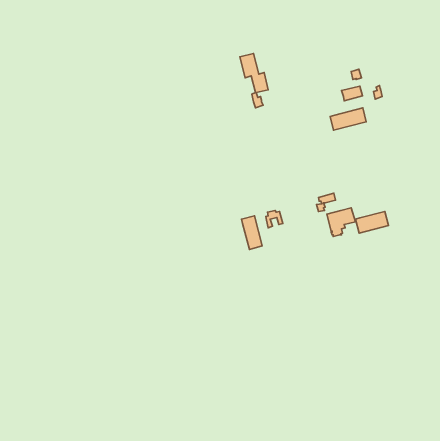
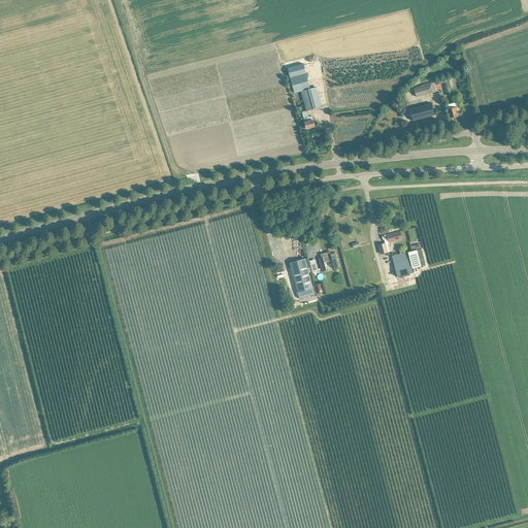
building: [330,108,366,130] -> none
building: [356,212,388,233] -> none

